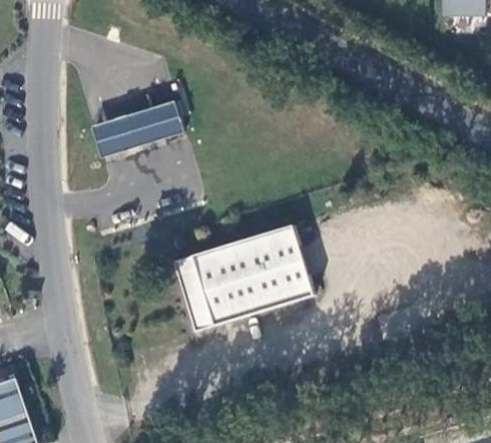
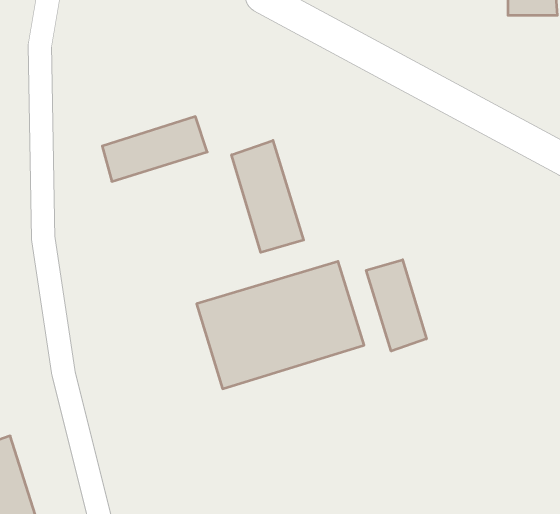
building: none -> [232,140,304,252]
building: none -> [366,260,426,351]

